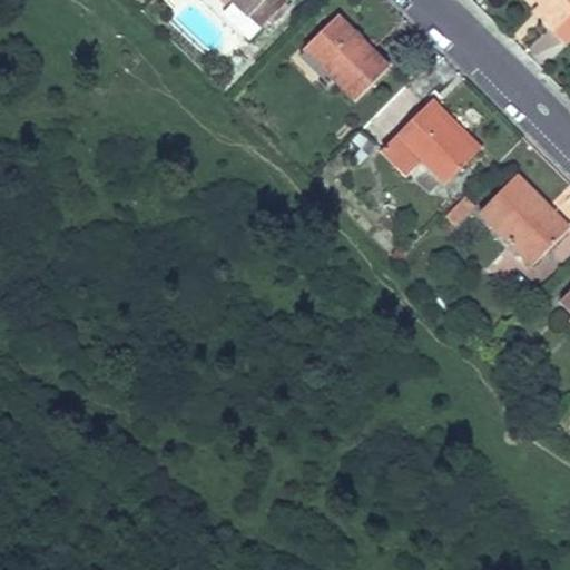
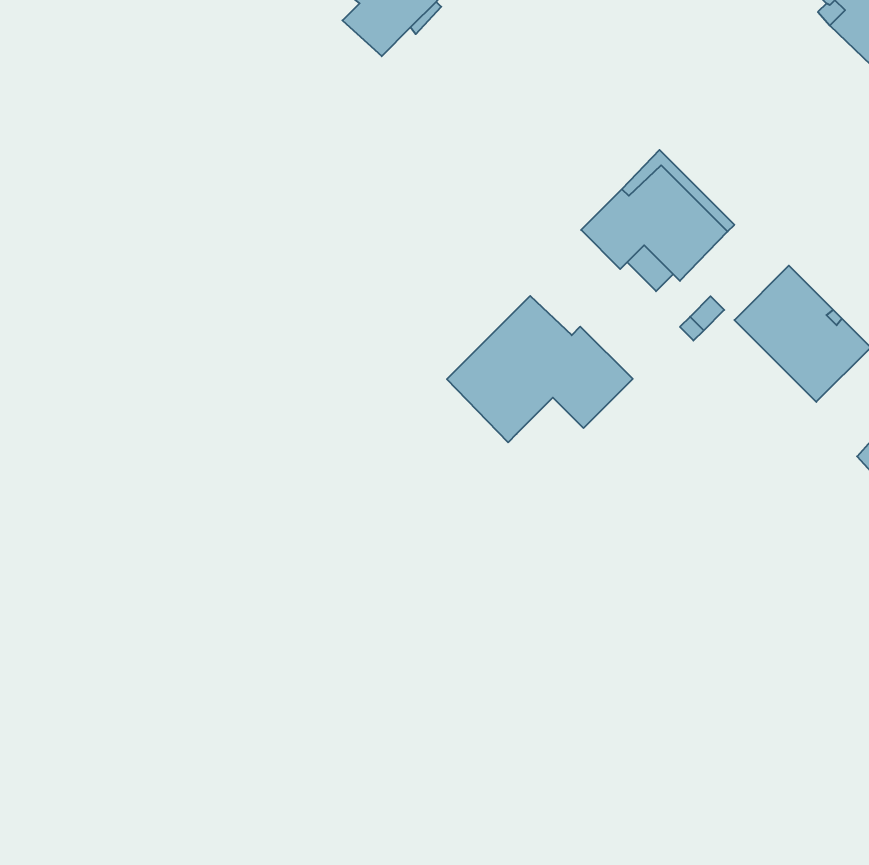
building: [305,13,391,100] -> none
building: none -> [447,296,633,442]

